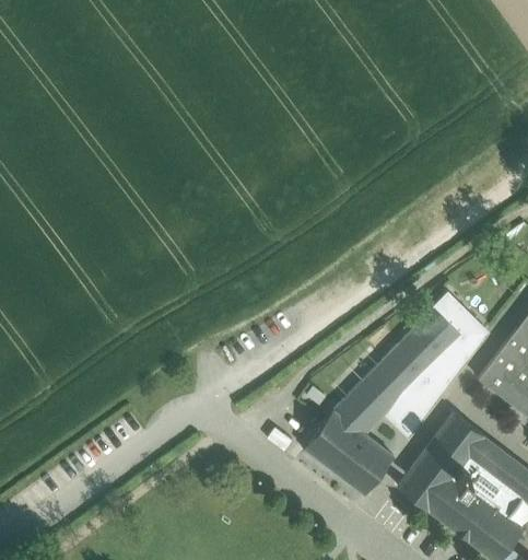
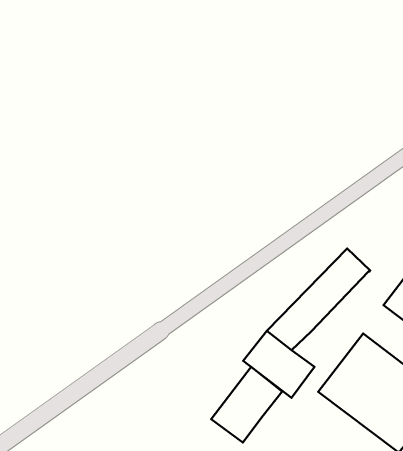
building: [389,294,488,436] -> none
building: none -> [211,367,282,443]

